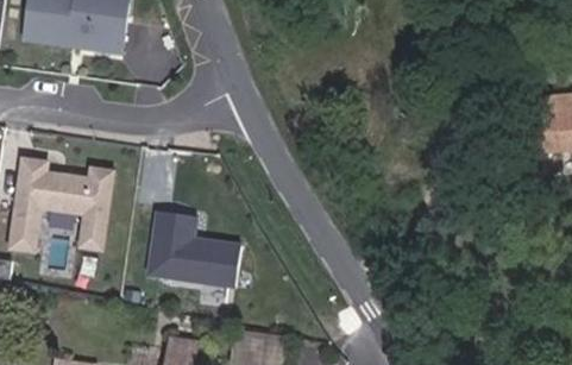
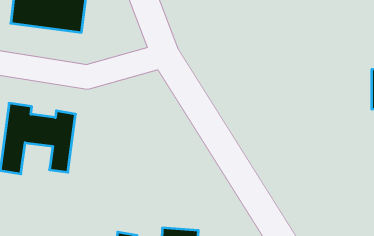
building: [146,208,240,285] -> none

